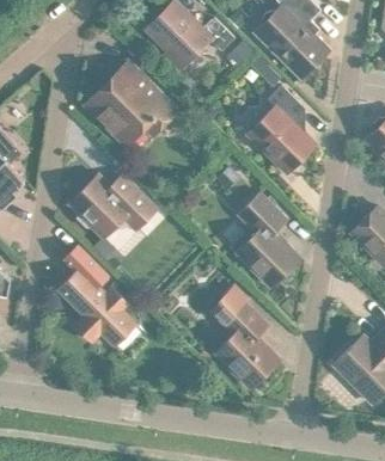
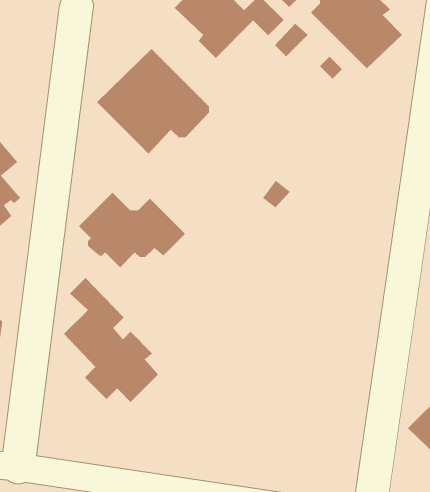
building: [249,85,316,173] -> none
building: [238,193,299,285] -> none
building: [212,287,279,387] -> none

